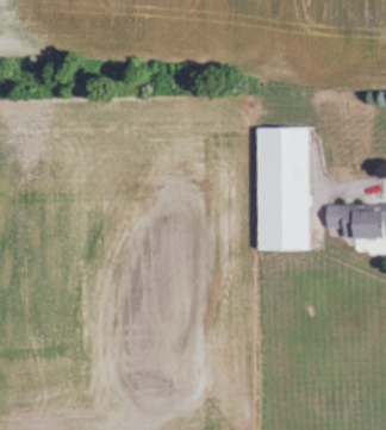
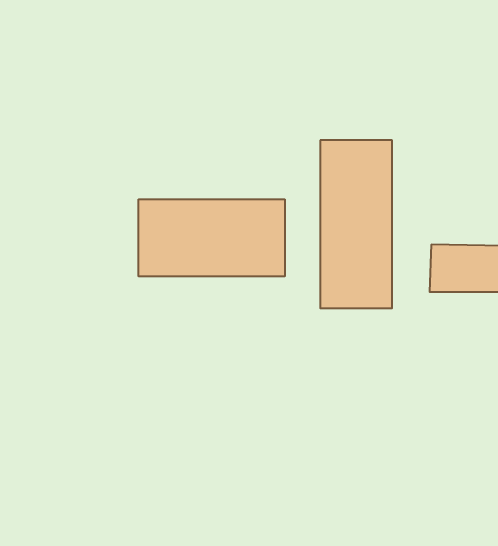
building: none -> [139,199,285,276]

